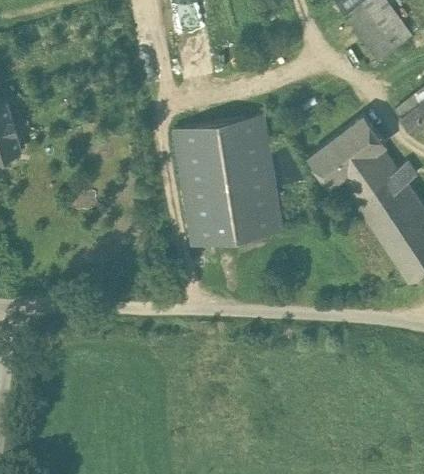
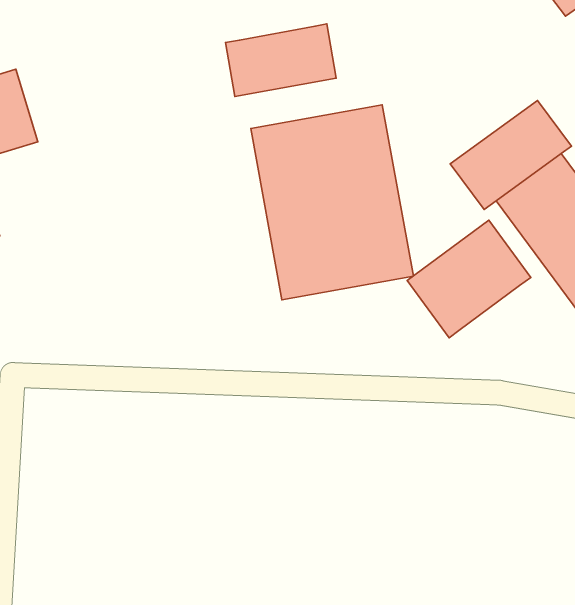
building: none -> [225,24,336,97]
building: none -> [407,220,531,338]

